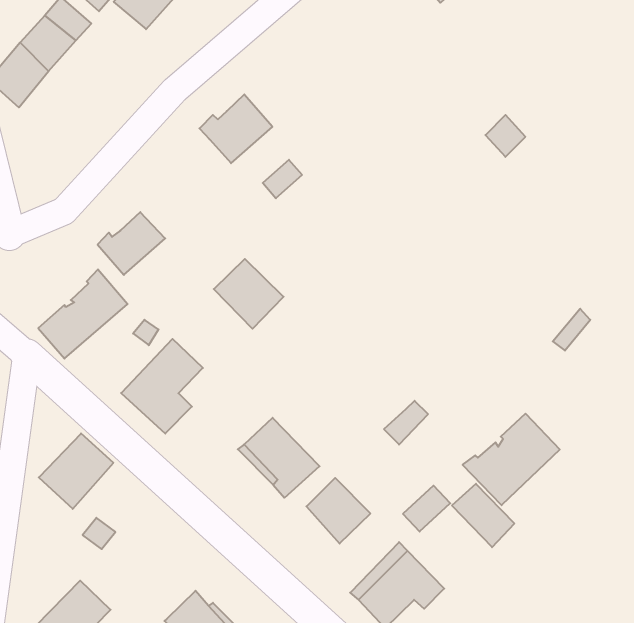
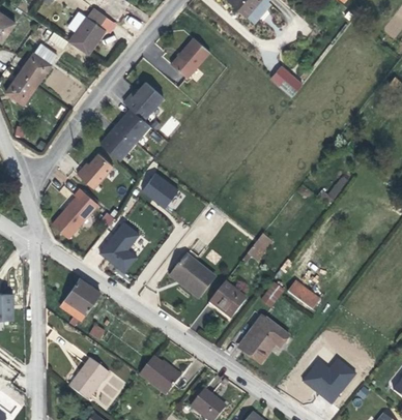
building: none -> [169,38,208,79]
building: none -> [98,110,148,162]
building: [463,414,560,505] -> none

